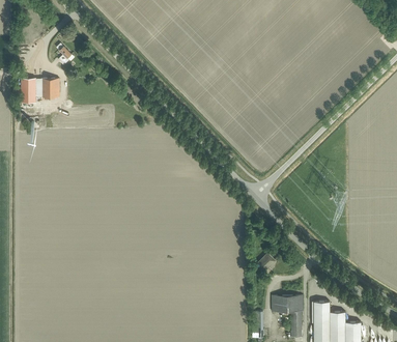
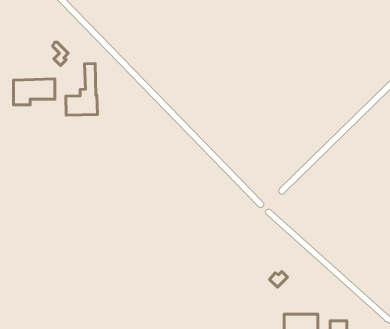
building: none -> [66,64,97,115]

